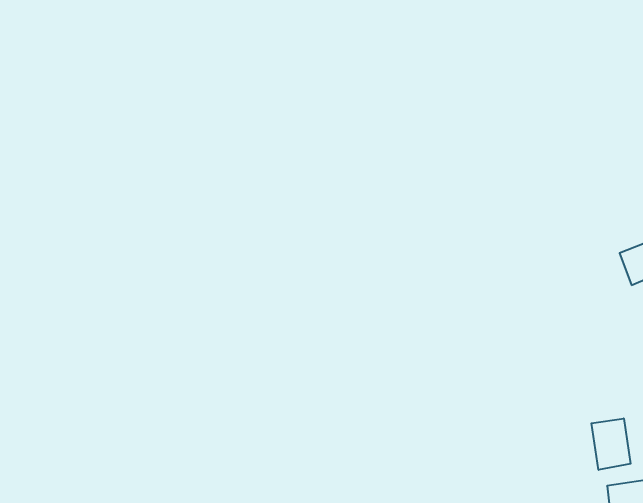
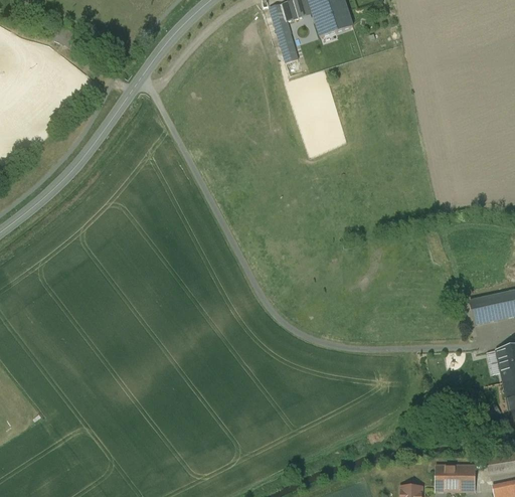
building: [591,418,631,470] -> none

